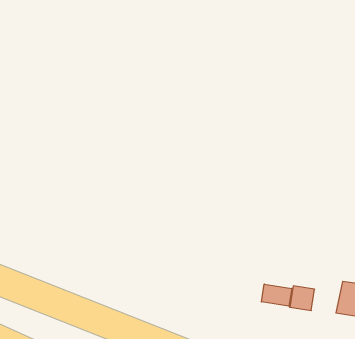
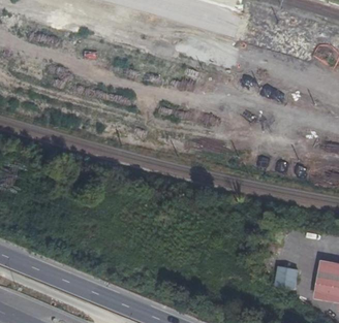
building: [261,284,292,306] -> none

